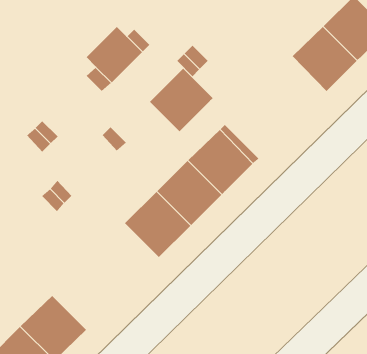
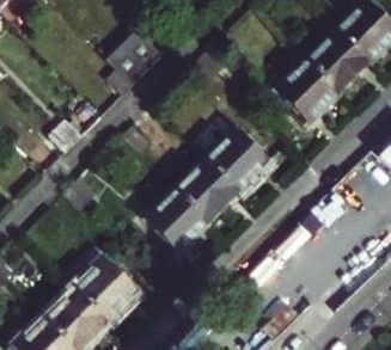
building: none -> [274,59,338,123]
building: [149,68,214,132] -> none
building: none -> [74,259,138,323]

